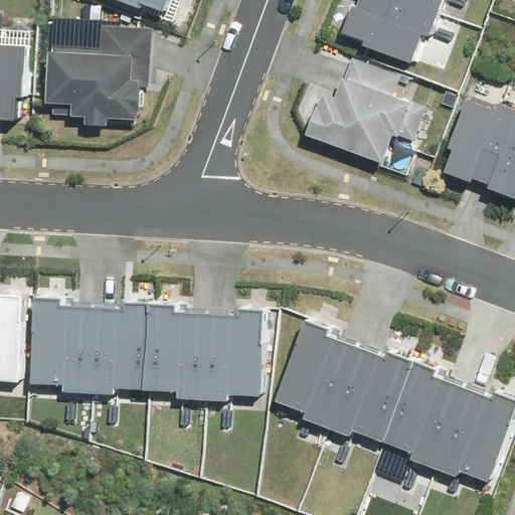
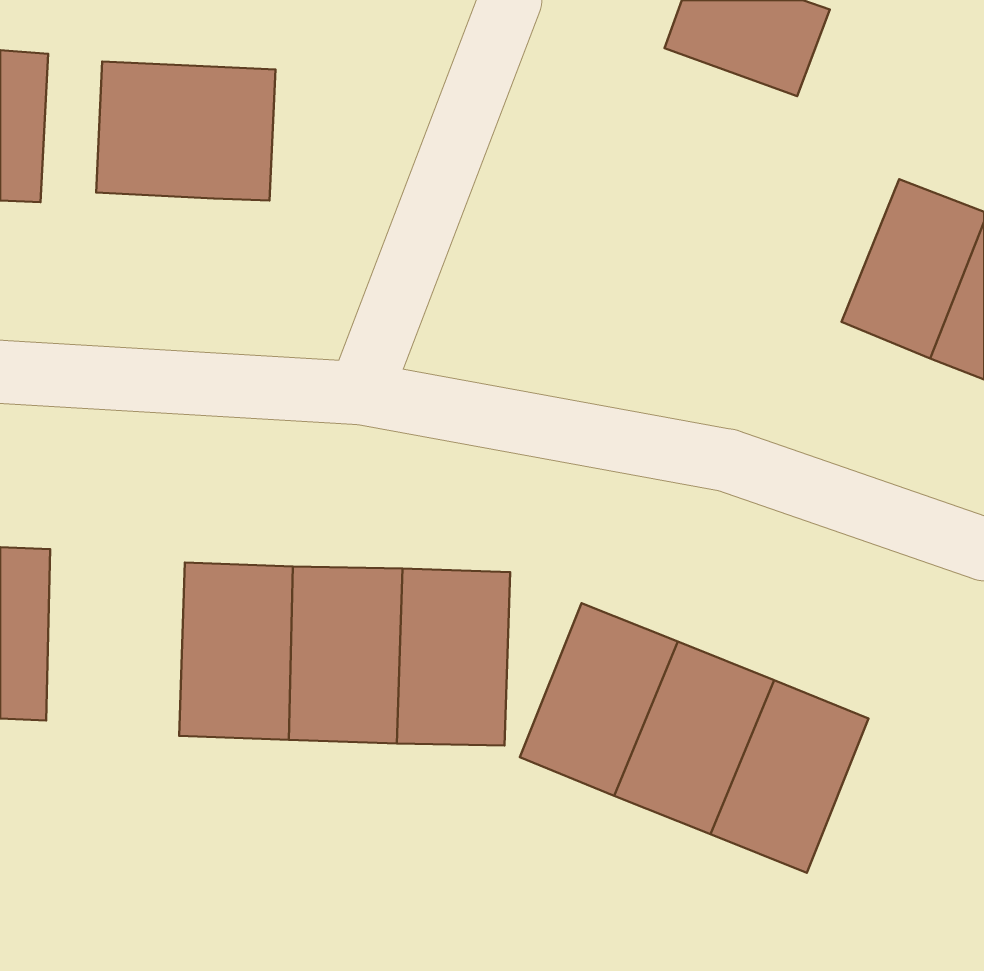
building: [299,76,417,183] -> none
building: [37,299,97,391] -> none
building: [421,382,504,483] -> none

